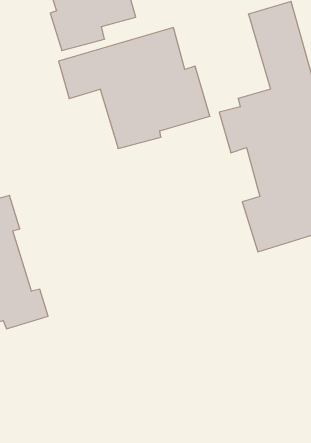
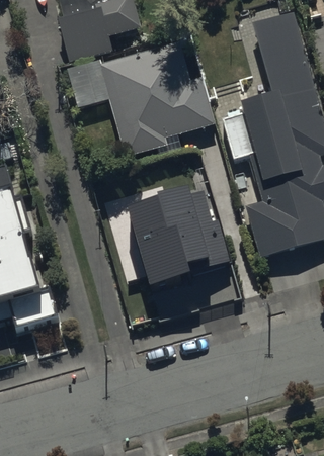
building: none -> [124,176,226,275]

